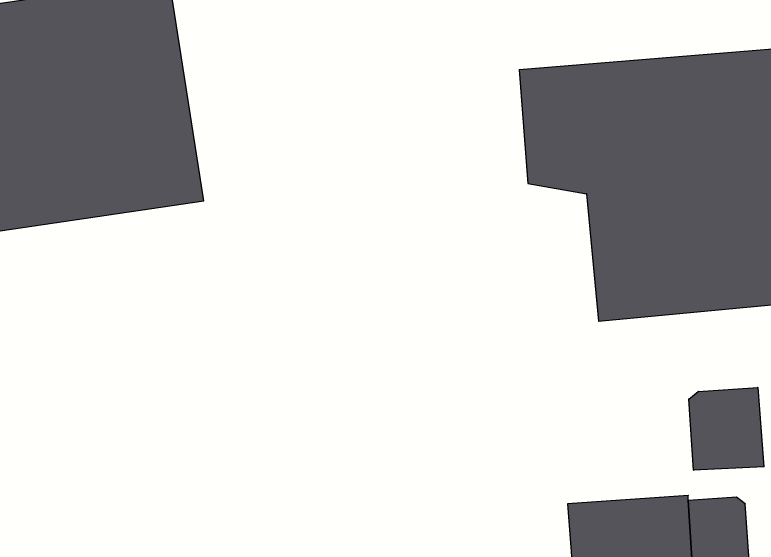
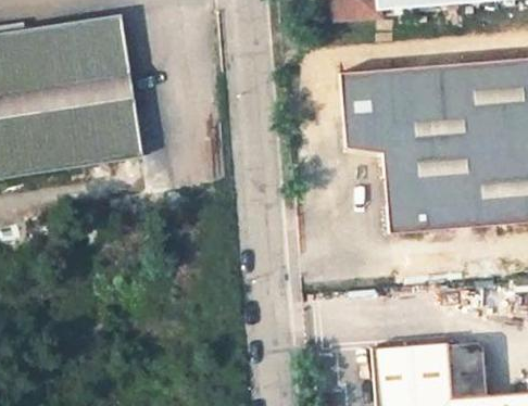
building: [689,387,764,470] -> none

